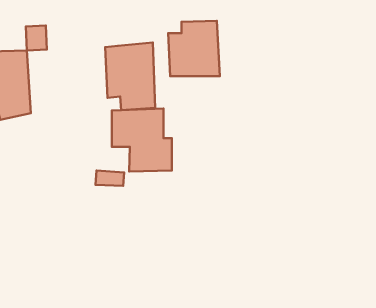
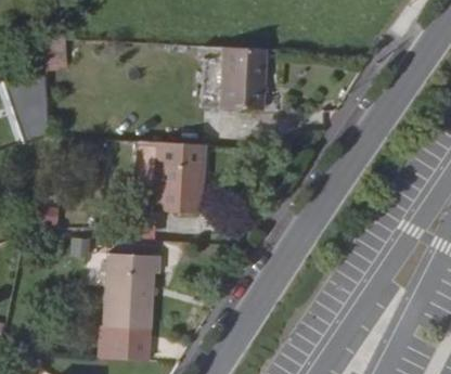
building: [105,42,155,110] -> none
building: none -> [109,257,165,354]

